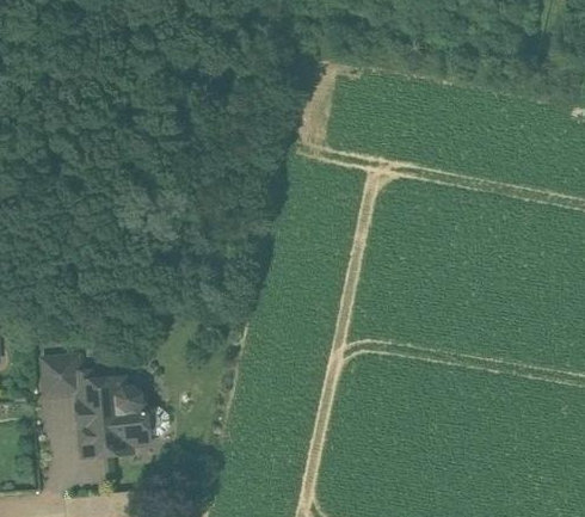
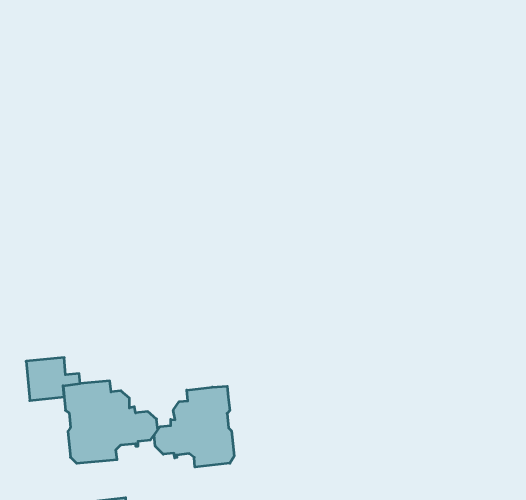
building: none -> [154,386,234,467]

